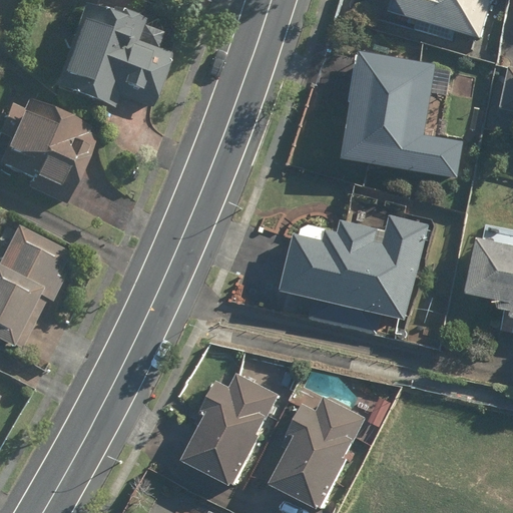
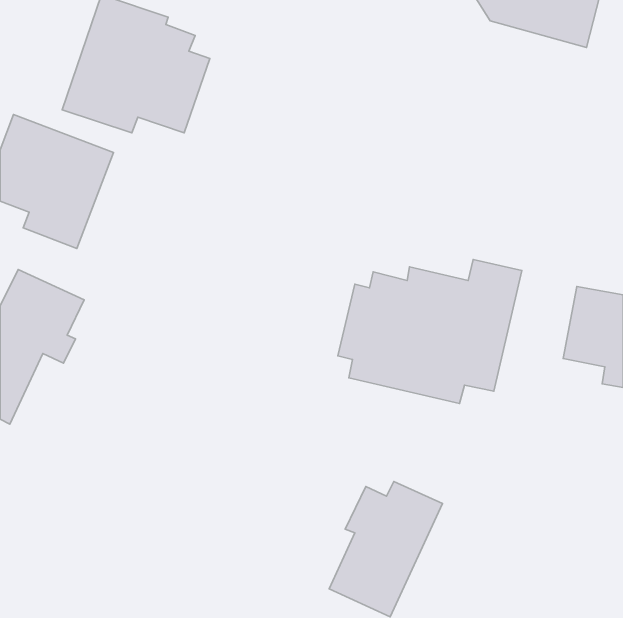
building: [344,54,464,175] -> none
building: [182,375,276,487] -> none

